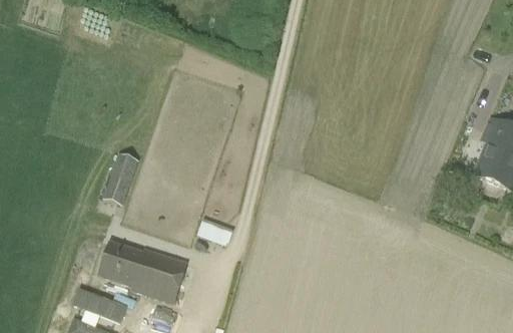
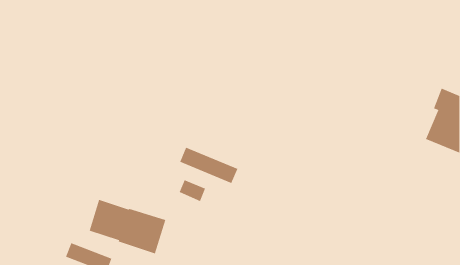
building: [106,149,139,202] -> none
building: none -> [179,147,238,184]

